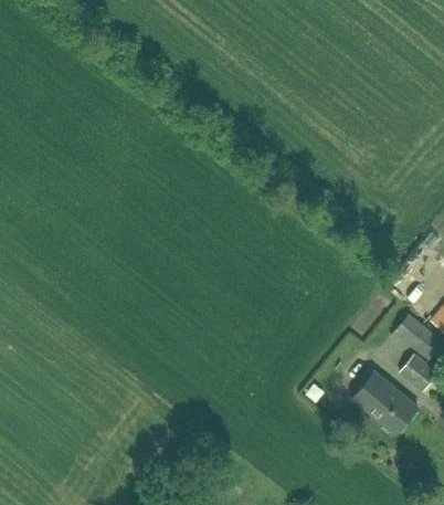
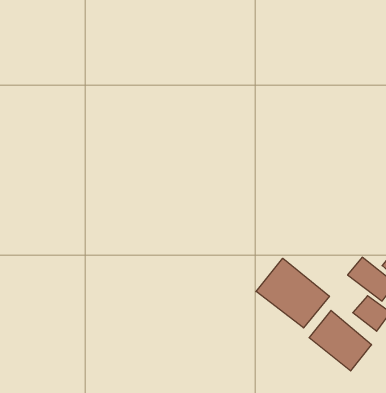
building: none -> [256,258,329,328]

